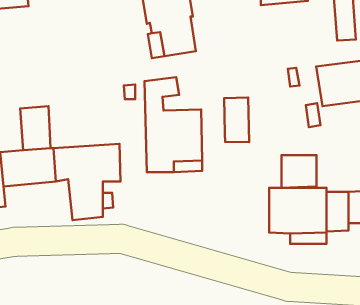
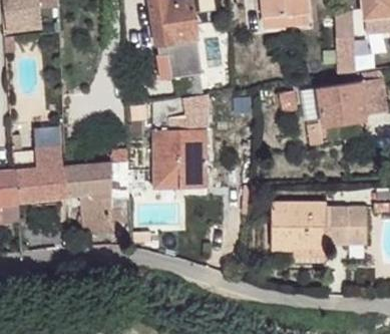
building: [224,98,249,142] -> none
building: [281,155,317,188] -> none

